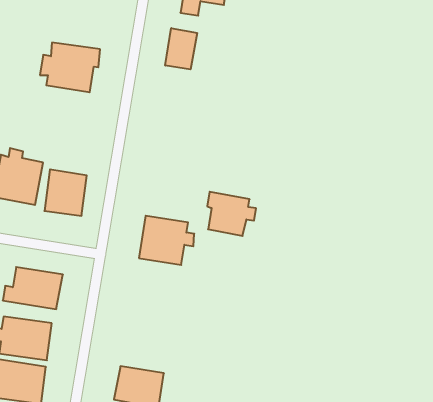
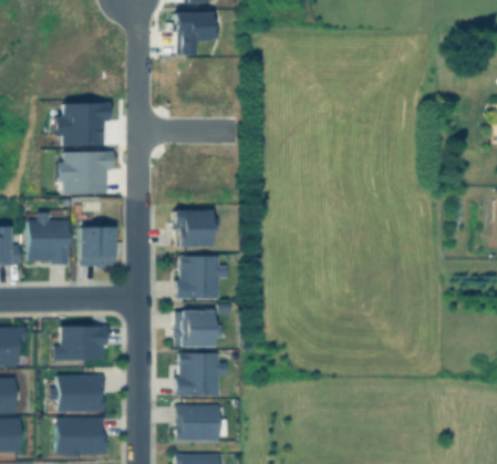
building: [165,28,197,69] -> none
building: none -> [56,151,114,194]
building: [207,192,256,236] -> [173,209,220,247]
building: none -> [174,310,224,347]
building: none -> [178,352,228,395]

